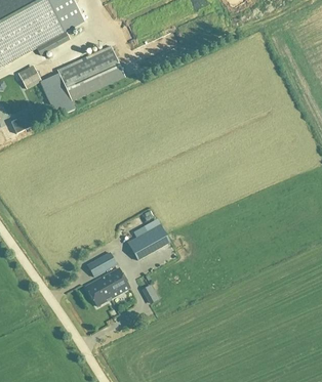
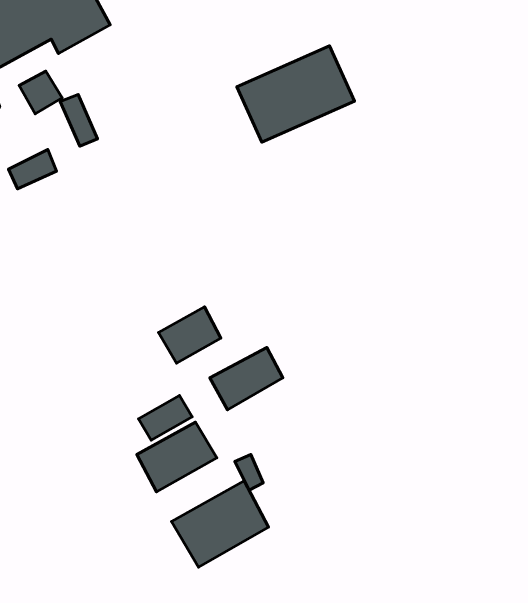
building: [57,44,125,99] -> [237,46,355,142]
building: none -> [159,307,221,363]
building: none -> [172,481,268,567]

